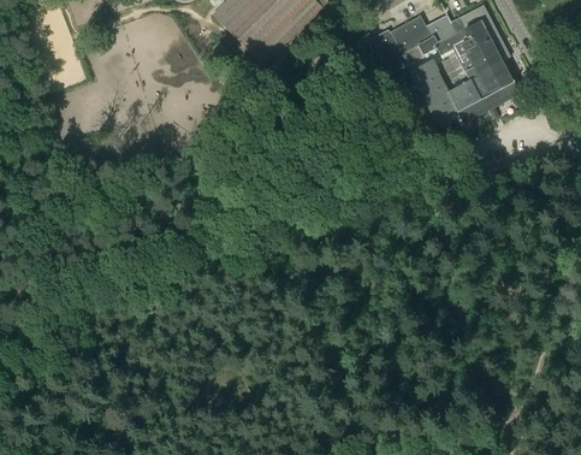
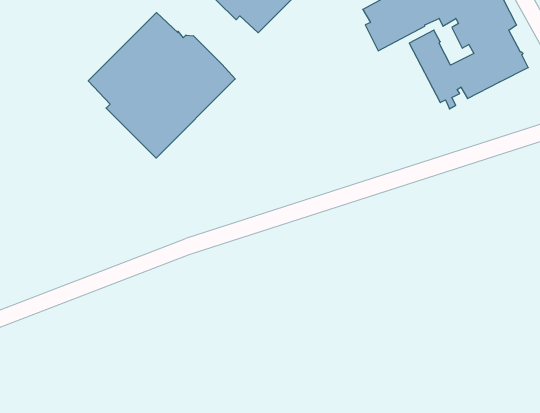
building: none -> [88,13,235,158]

